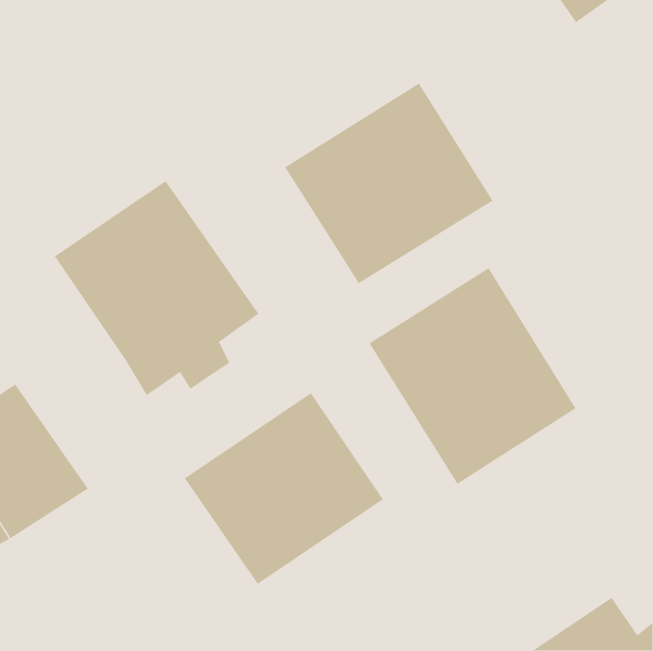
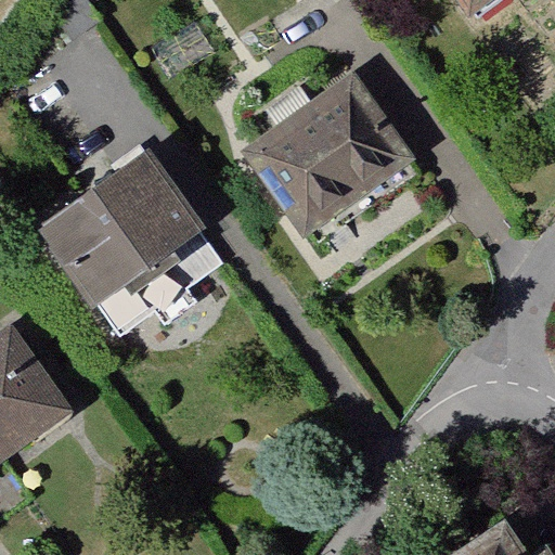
building: [368,267,577,485] -> none
building: [184,392,384,585] -> none

